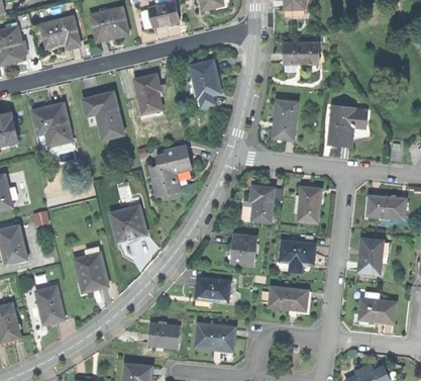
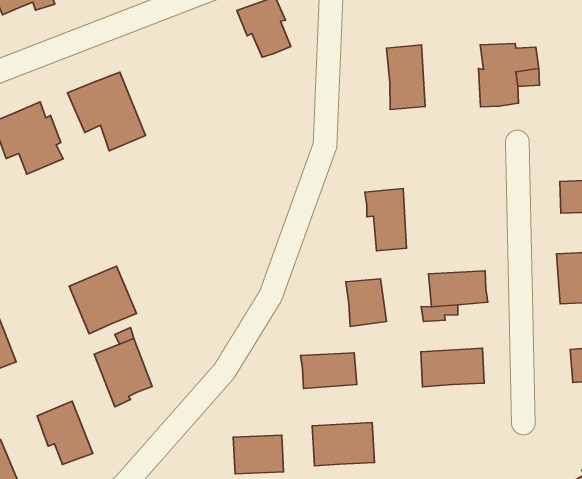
building: [133,74,163,114] -> none
building: [149,147,191,195] -> none
building: [298,187,321,222] -> none
building: [110,205,148,244] -> [69,266,137,334]

